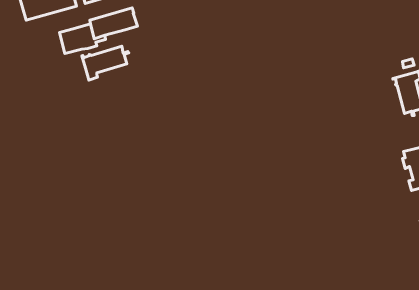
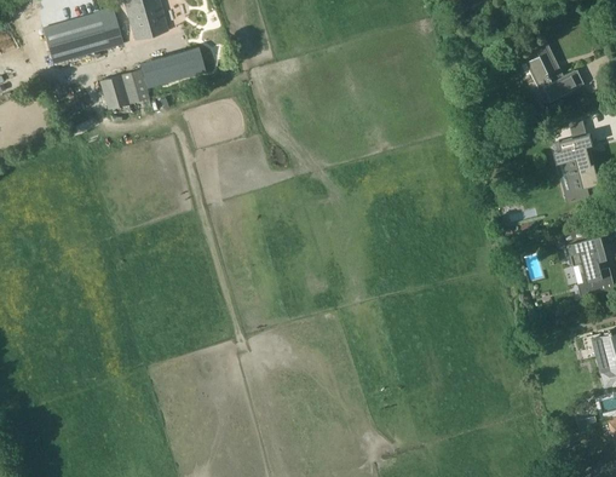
building: none -> [528,41,585,103]
building: [82,46,129,80] -> none

